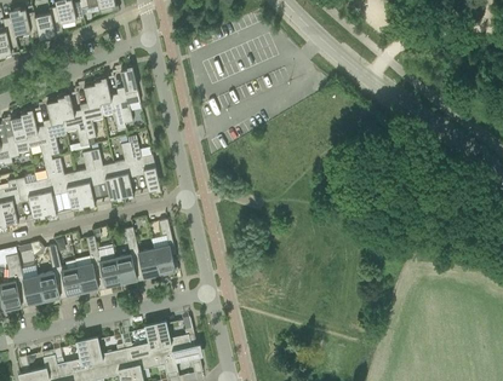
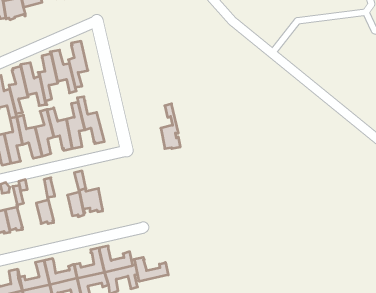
building: [153,219,177,275] -> [161,104,180,149]
building: [90,254,120,287] -> none
building: [51,260,81,298] -> none
building: none -> [134,257,168,281]

